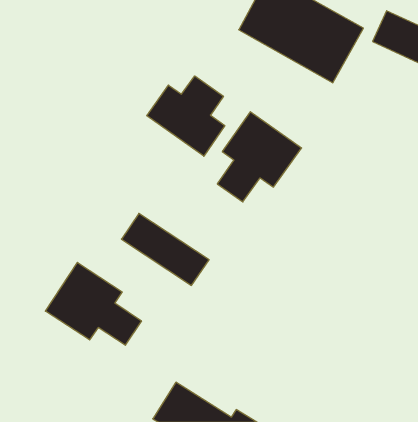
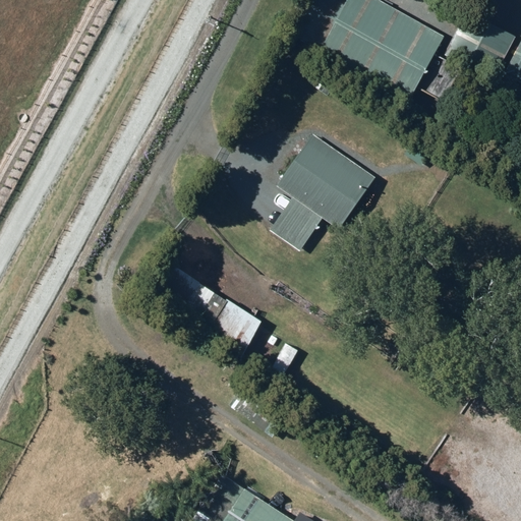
building: [147,76,225,156] -> none
building: [45,262,141,345] -> none

